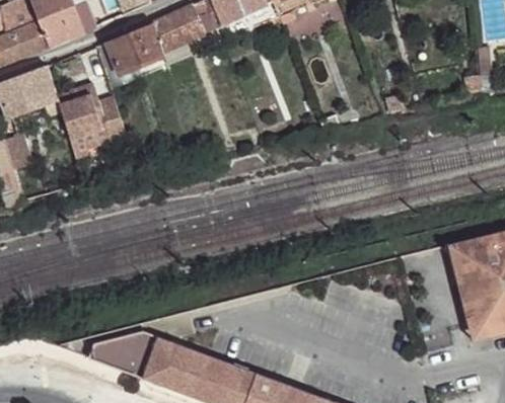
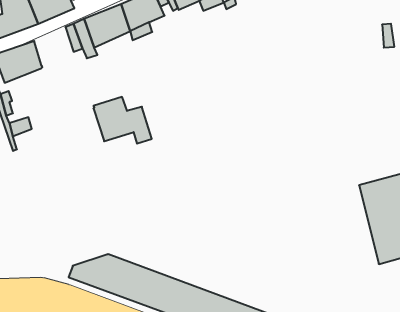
building: [56,86,128,144] -> [93,97,152,144]

